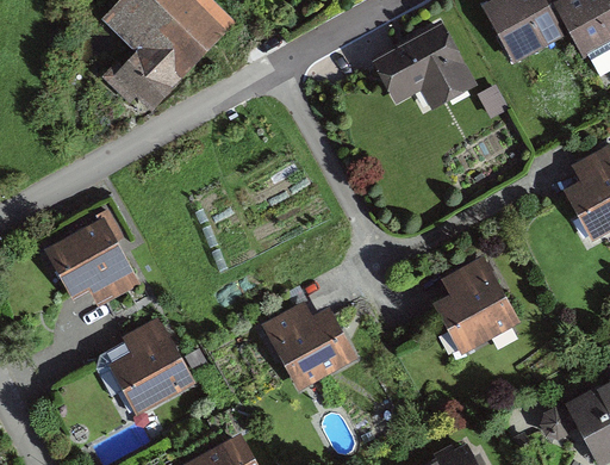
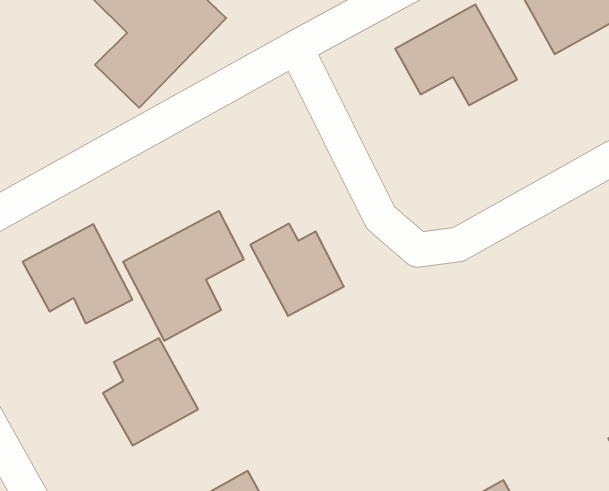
building: none -> [123,211,244,341]
building: [434,258,519,353] -> none
building: [266,305,349,388] -> [250,224,344,316]

